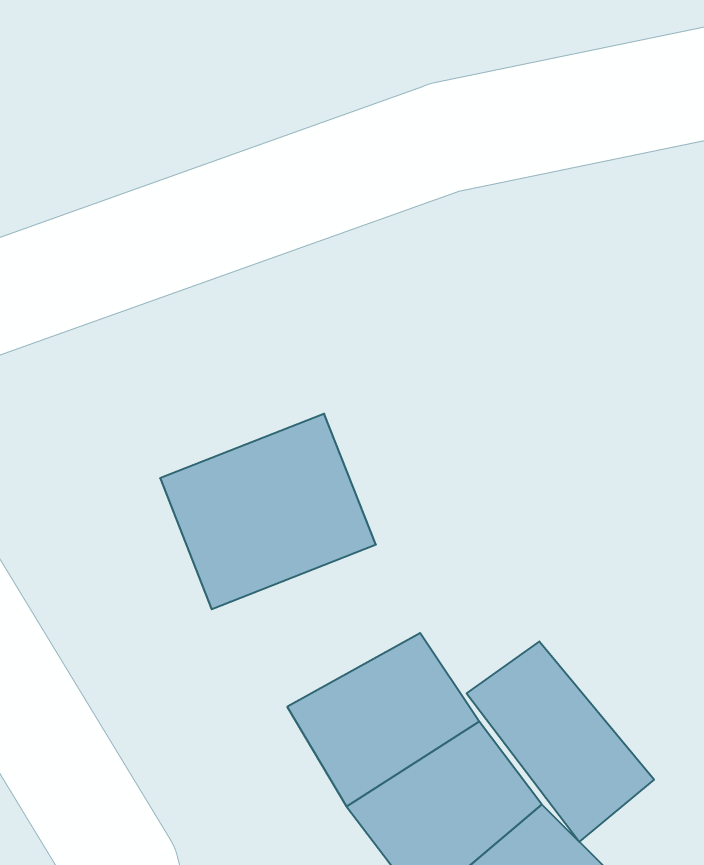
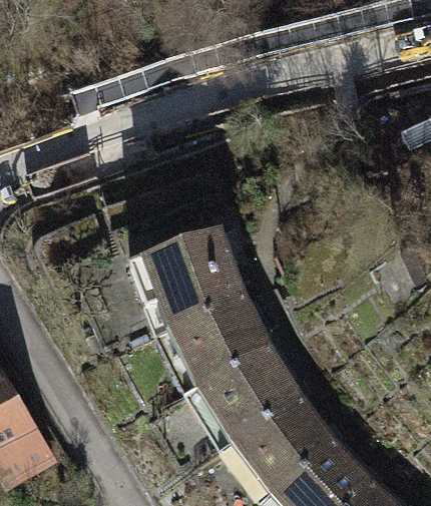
building: none -> [171,303,275,391]
building: [467,641,654,842] -> none

